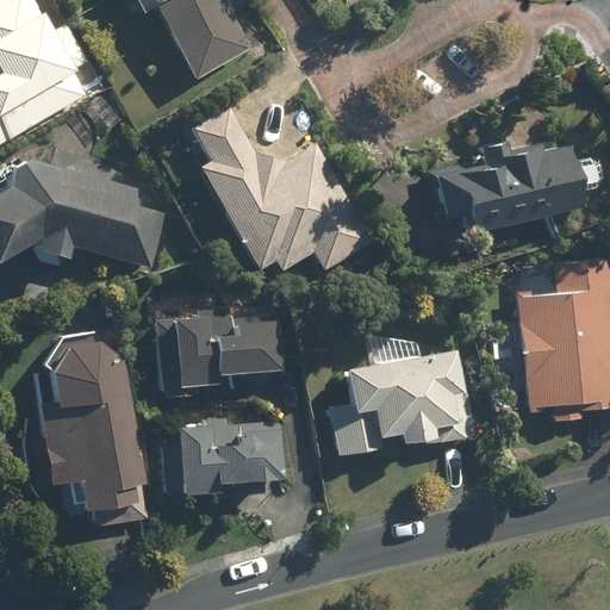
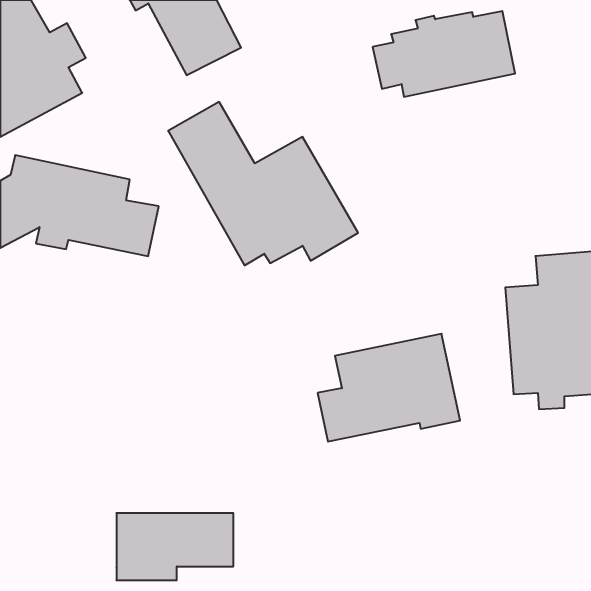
building: [438,142,585,230] -> [373,11,515,97]
building: [162,310,279,400] -> none
building: [41,336,144,510] -> none
building: [160,423,280,492] -> [116,513,233,580]

